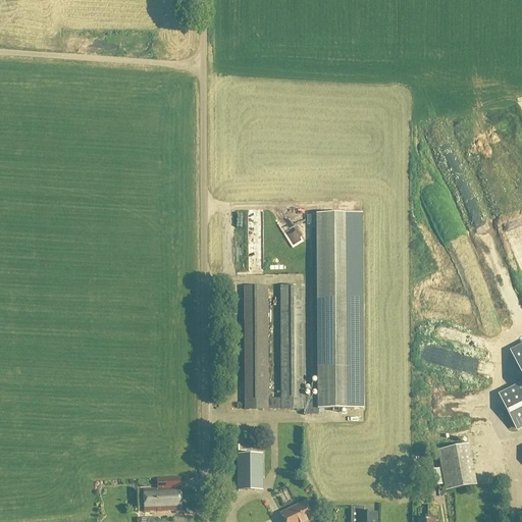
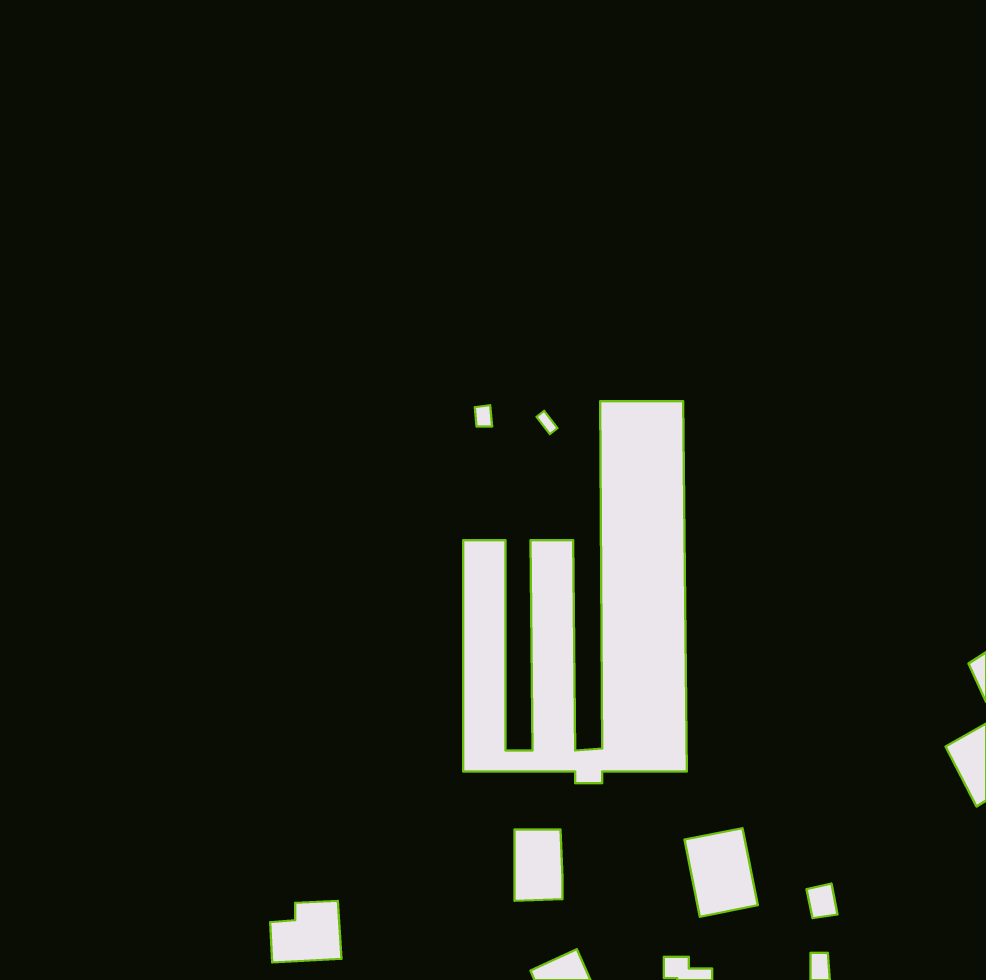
building: [437,442,476,489] -> [684,828,758,917]
building: [238,452,263,489] -> [514,830,563,901]

